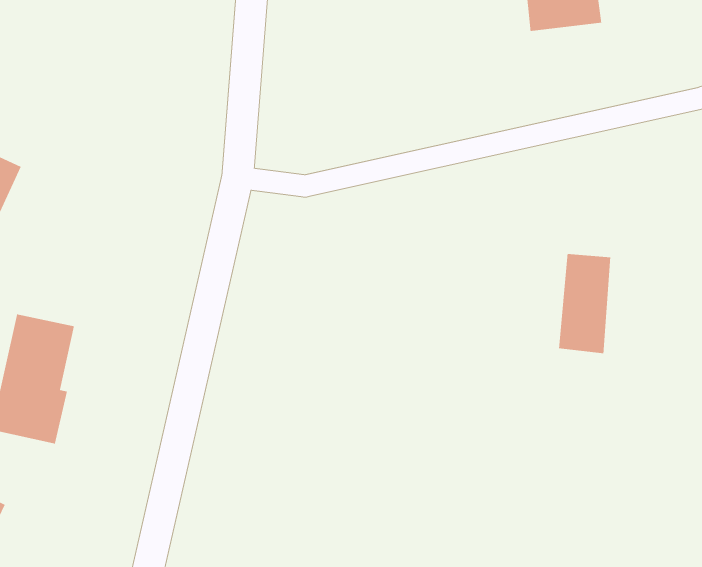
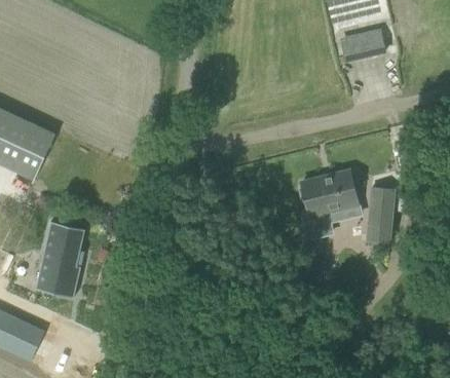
building: none -> [298,168,359,222]

